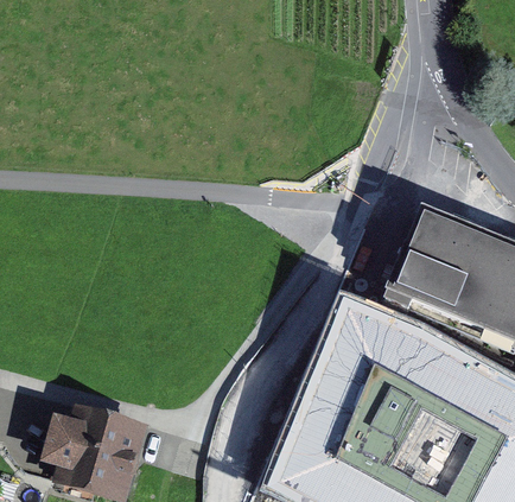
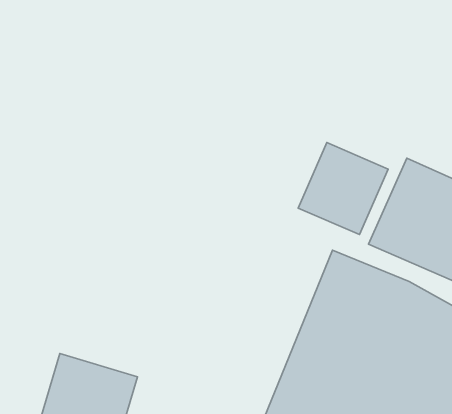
building: none -> [298,143,388,235]

